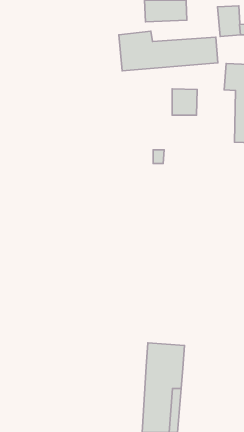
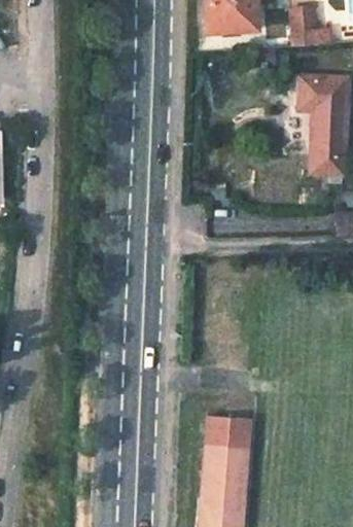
building: [119,31,218,71] -> none
building: [172,89,197,115] -> none

